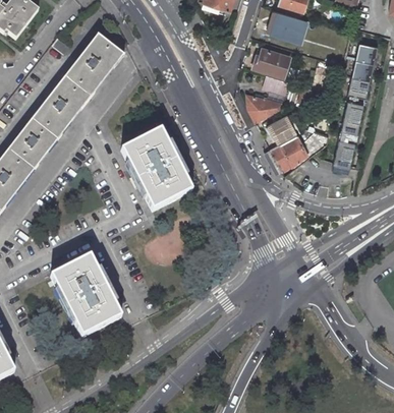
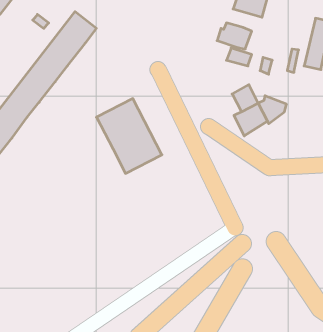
building: [247,93,283,120] -> none
building: [341,99,363,132] -> none
building: [332,137,354,172] -> none
building: [51,254,121,335] -> none

